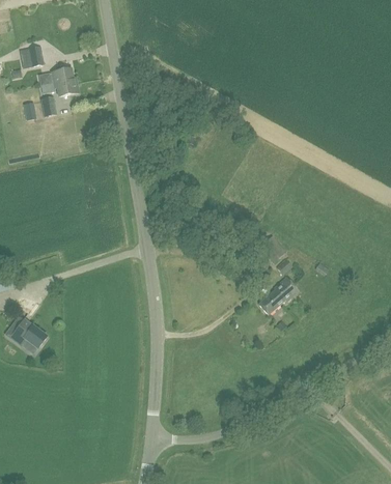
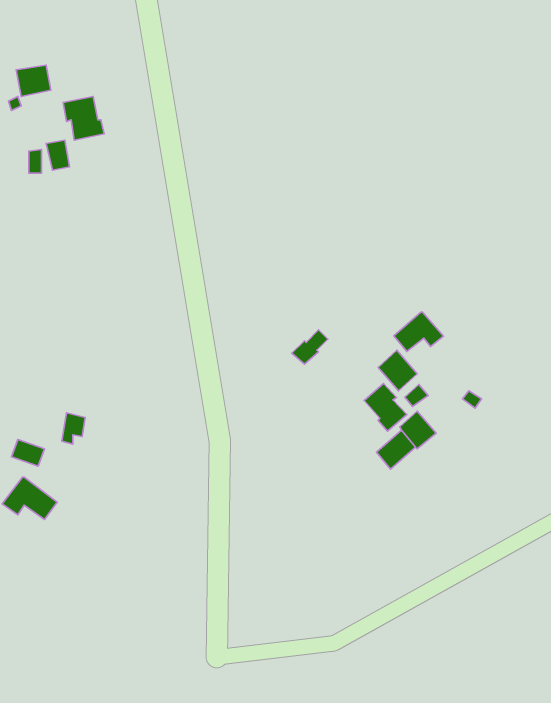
building: none -> [394,312,443,351]
building: none -> [364,384,407,431]

